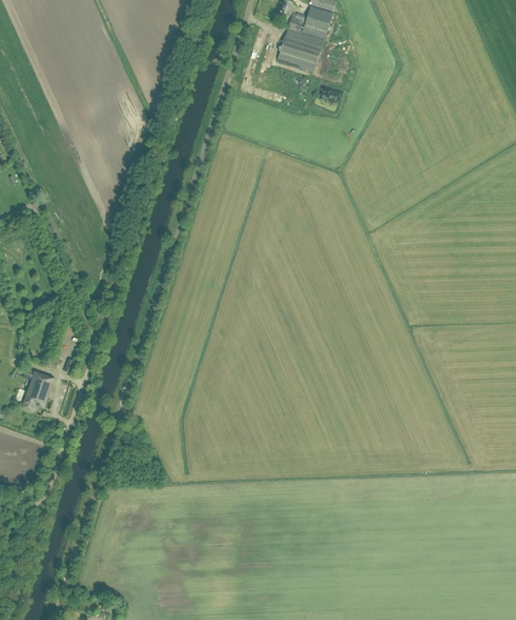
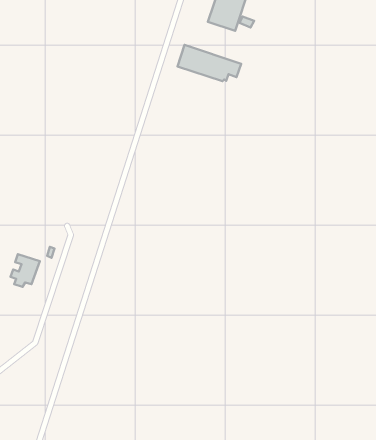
building: none -> [177,45,241,81]

